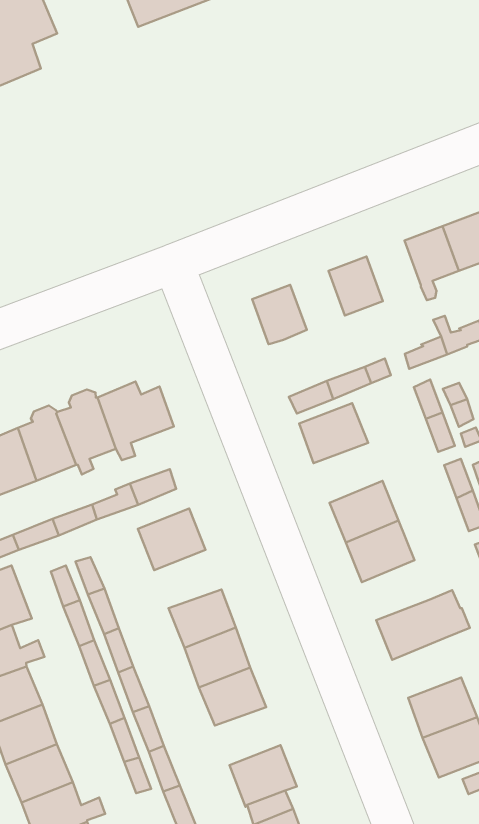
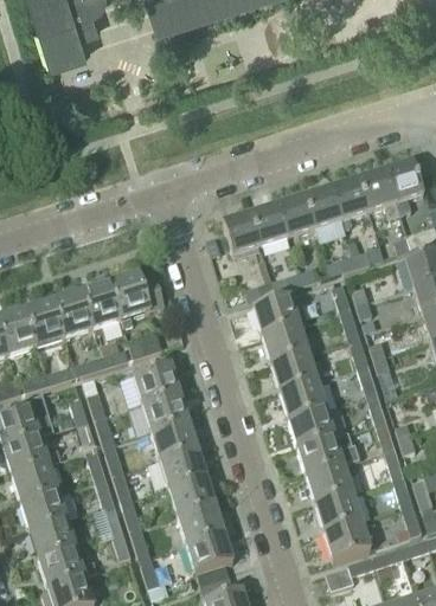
building: none -> [306,186,342,227]
building: none -> [251,204,288,244]
building: none -> [259,325,307,366]
building: none -> [143,393,190,432]
building: none -> [288,405,351,450]
building: none -> [306,465,353,505]
building: none -> [179,505,224,544]

